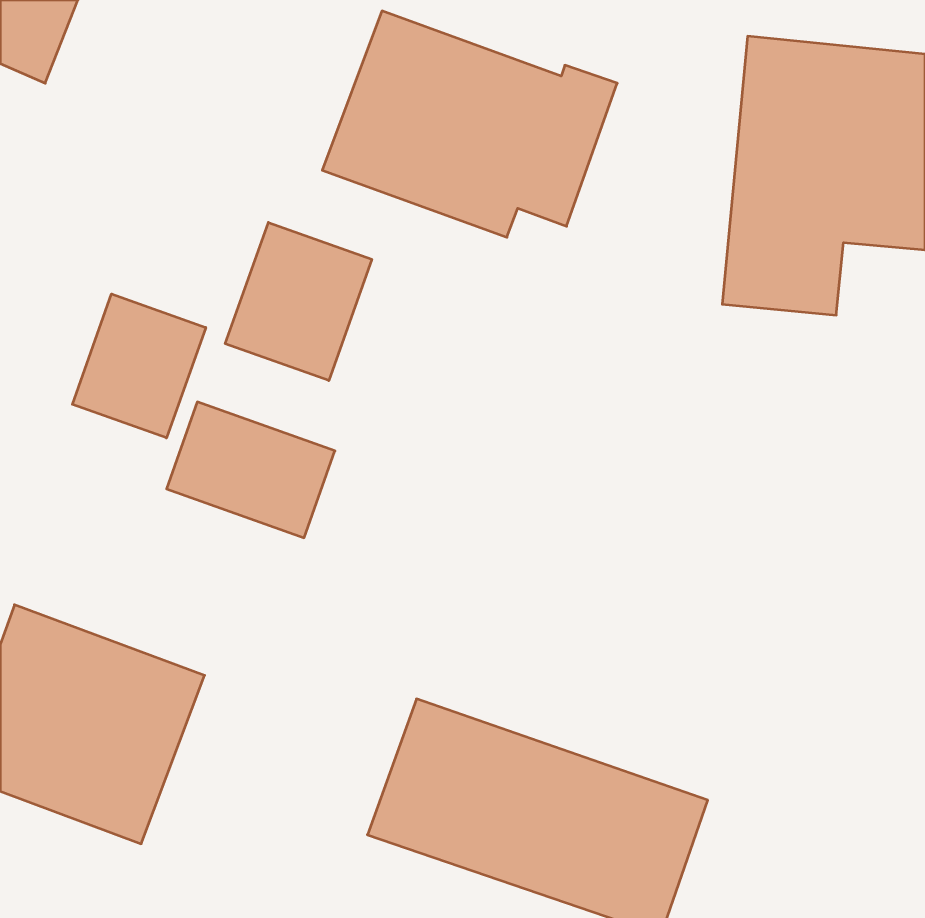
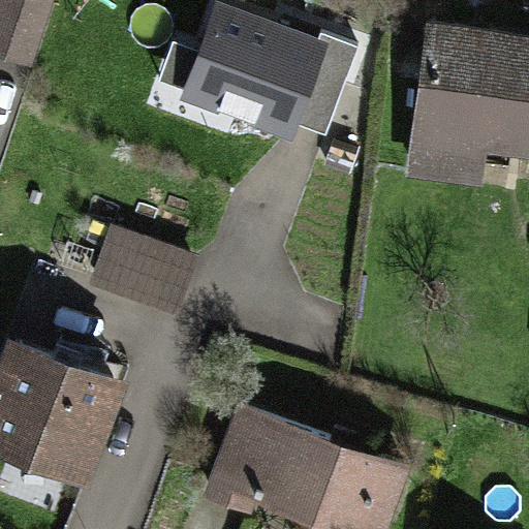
building: [225,222,372,381] -> none
building: [72,294,206,438] -> none

